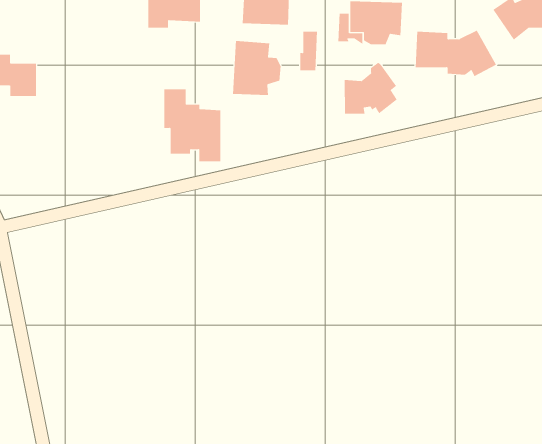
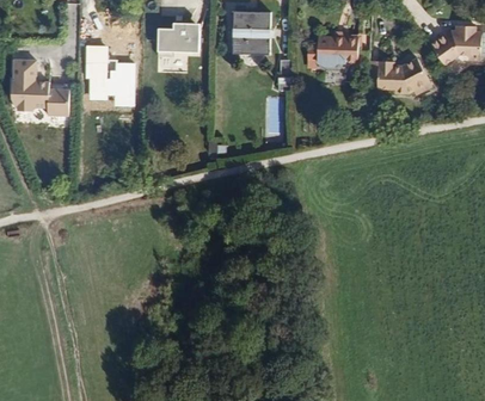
building: [233,40,281,96] -> none
building: [344,62,398,115] -> none
building: [164,89,221,162] -> [86,45,131,103]

